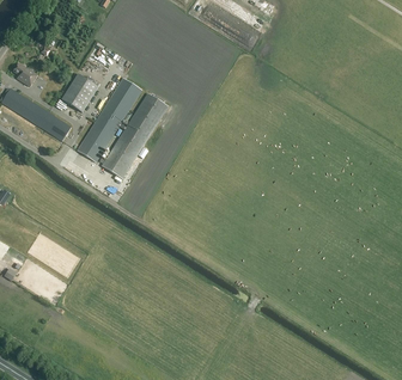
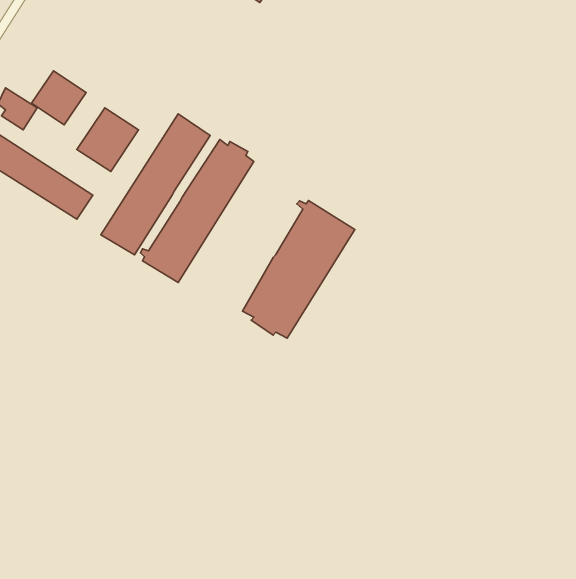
building: none -> [31,71,86,125]
building: none -> [242,201,355,338]

